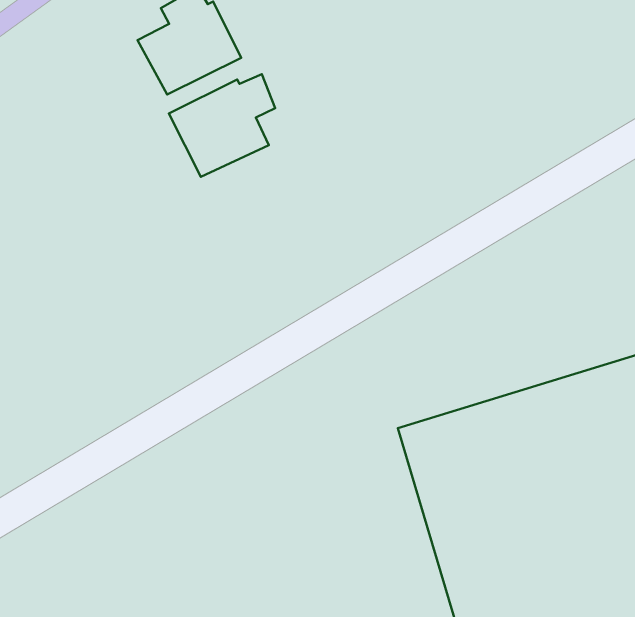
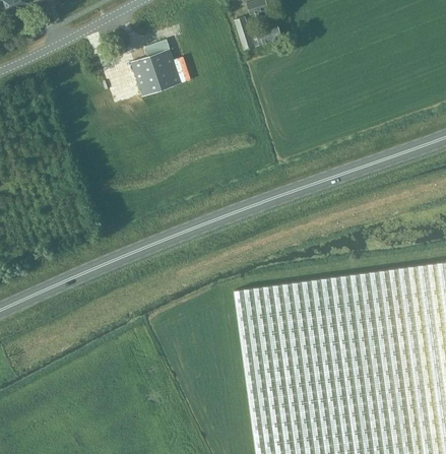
building: [169,74,275,177] -> none

